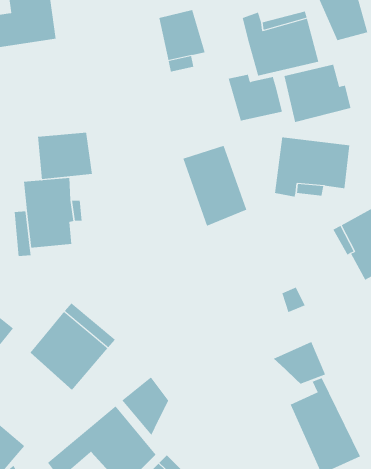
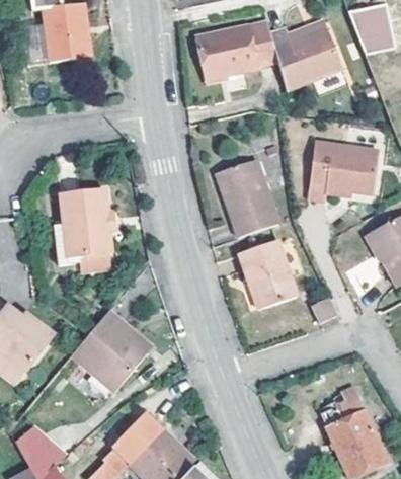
building: [284,64,351,123] -> none
building: [228,74,283,121] -> [227,21,280,67]
building: [37,132,93,180] -> none
building: none -> [239,237,296,305]
building: [273,341,326,385] -> none
building: [122,377,169,436] -> none

